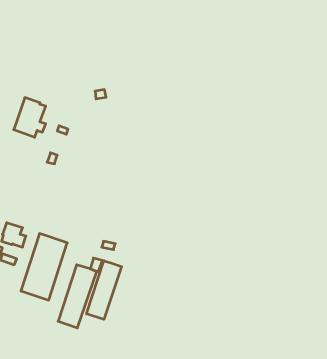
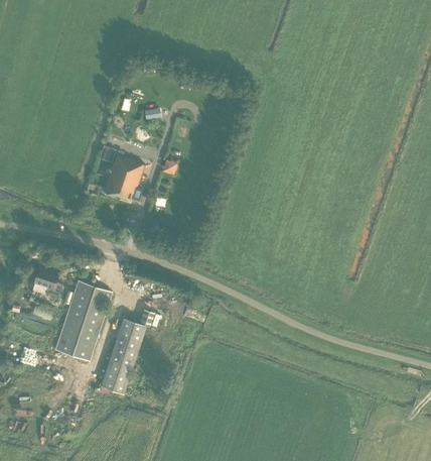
building: [14,98,46,137] -> [105,155,143,203]
building: [87,261,122,319] -> none

